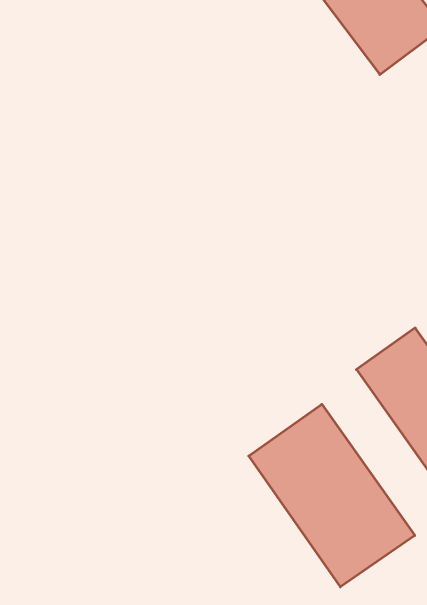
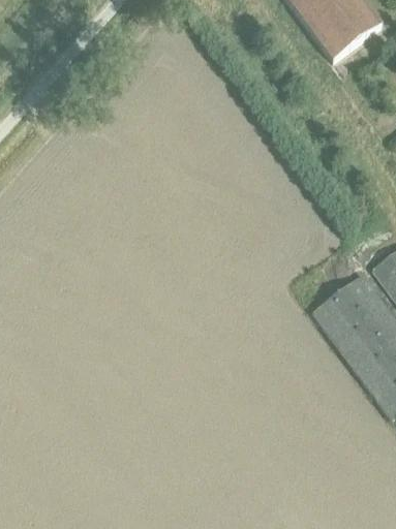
building: [249,404,415,587] -> none

